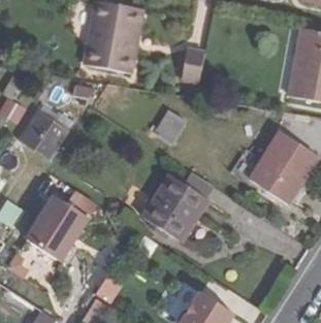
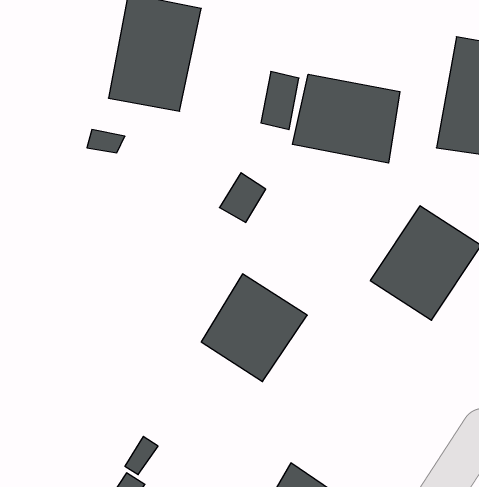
building: none -> [292,74,400,163]
building: [23,101,73,156] -> none
building: [28,195,90,261] -> none

